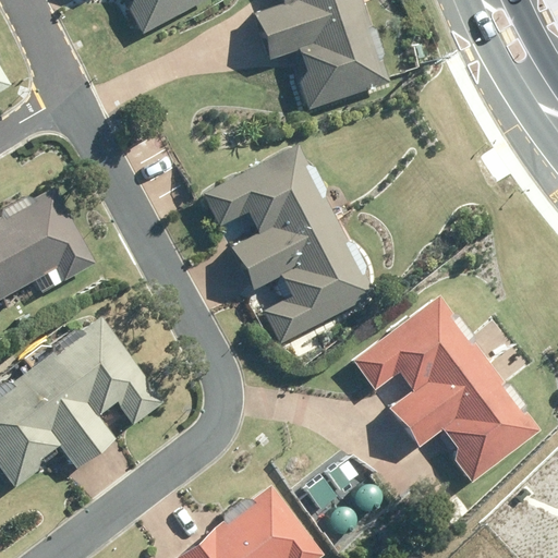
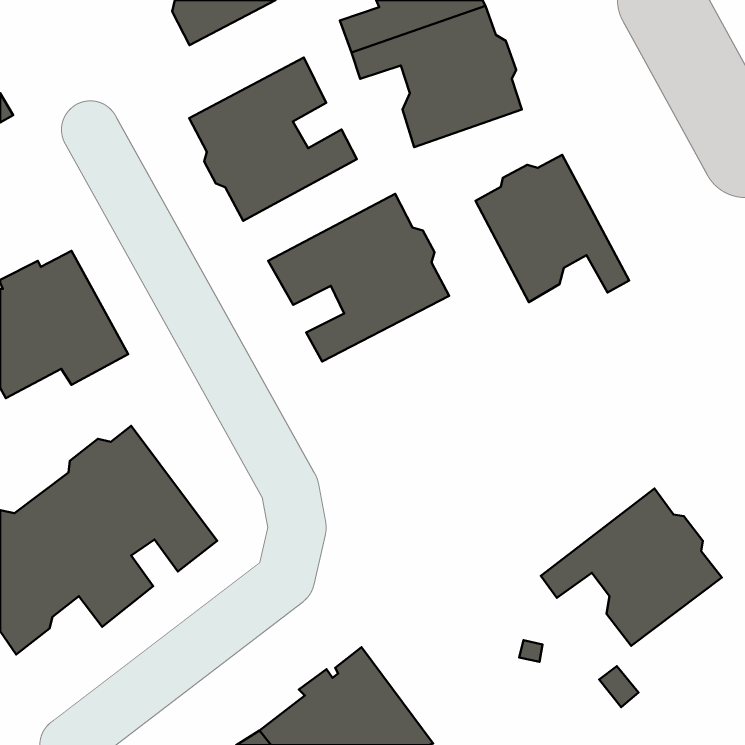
building: none -> [189,58,357,221]
building: none -> [475,155,629,302]
building: [241,221,374,344] -> none
building: [352,298,489,430] -> none

